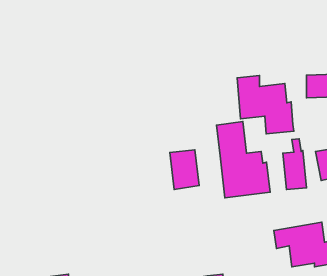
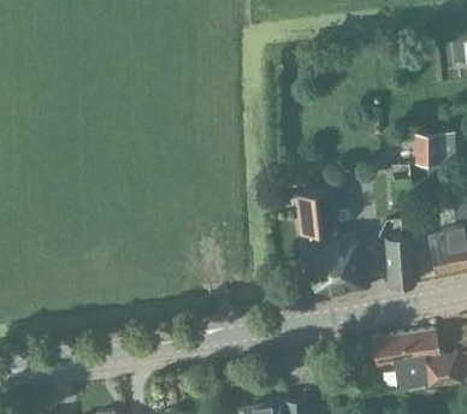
building: [237,76,294,134] -> none
building: [170,150,199,190] -> none

